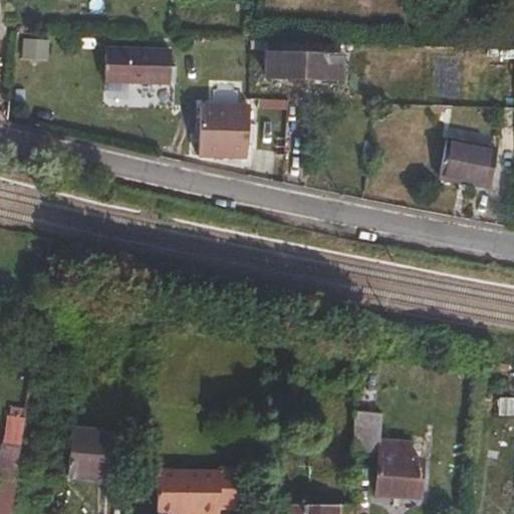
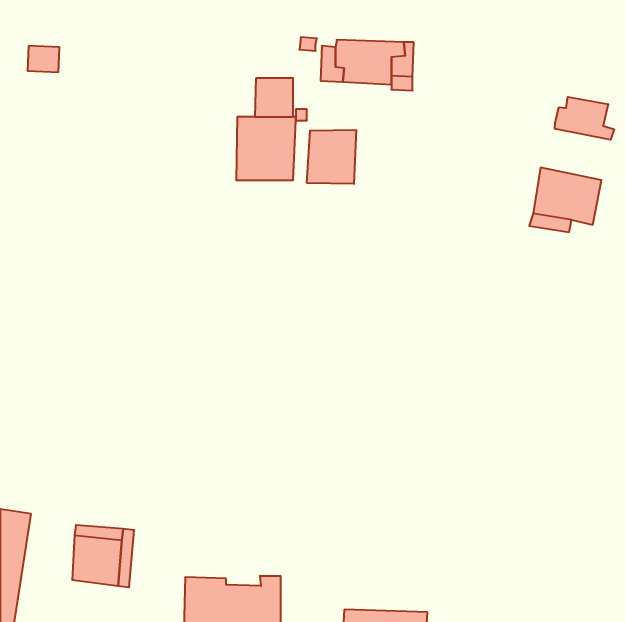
building: [103,47,169,83] -> none
building: none -> [555,97,614,140]
building: none -> [307,130,356,184]
building: [353,413,423,497] -> none

